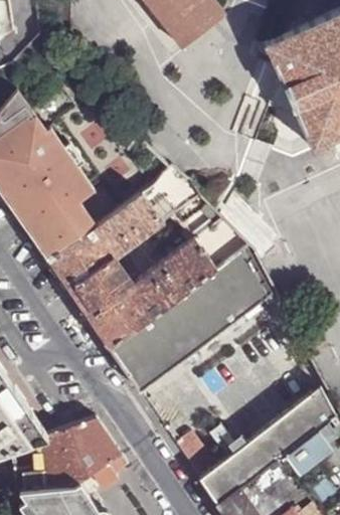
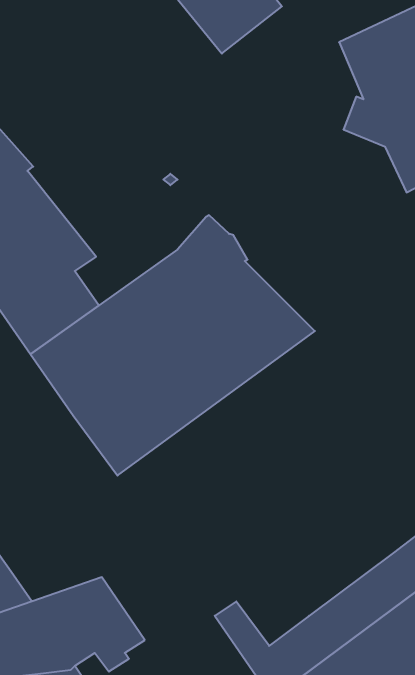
building: [108,243,275,390] -> none

